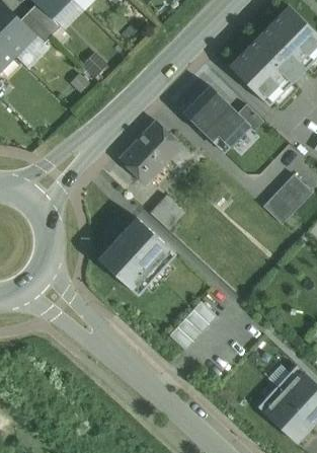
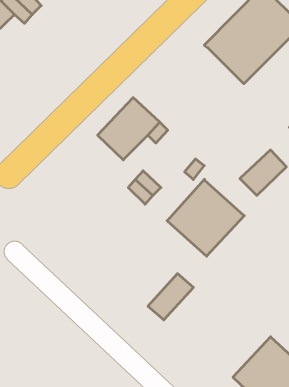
building: [182,85,250,152] -> none
building: [97,216,176,295] -> [167,179,244,256]

